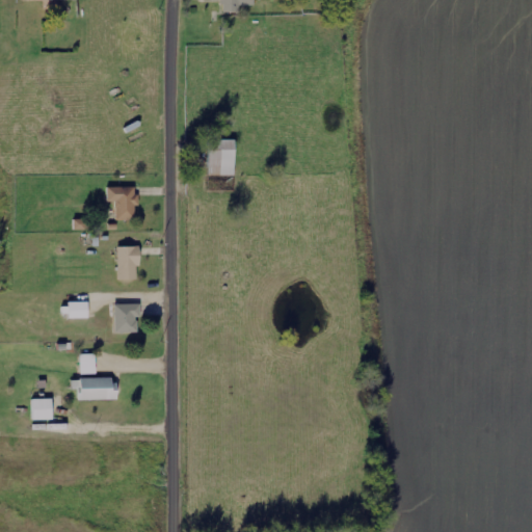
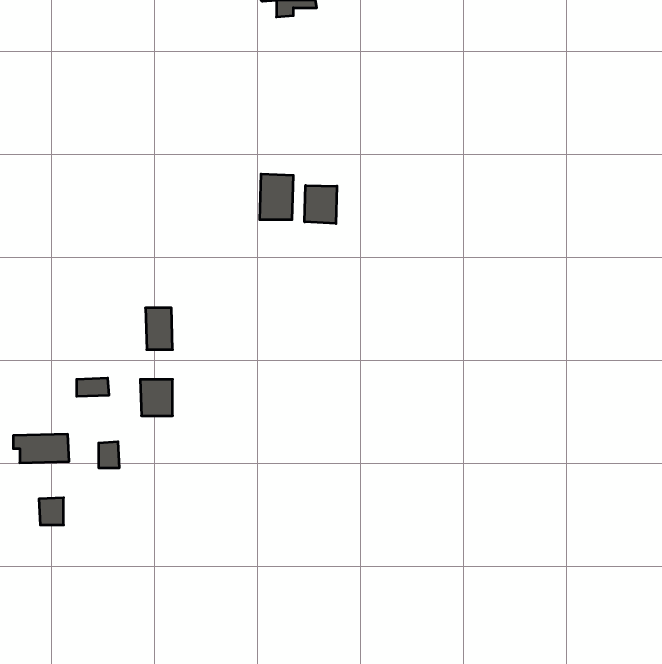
building: none -> [305,185,337,224]
building: [106,186,136,219] -> none
building: [71,377,115,400] -> [13,434,69,463]

